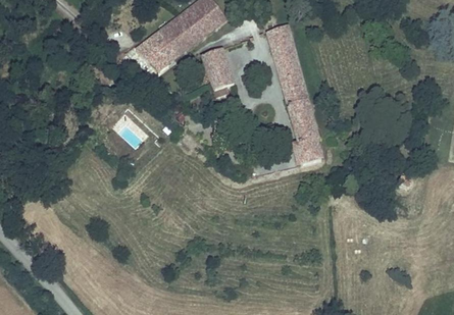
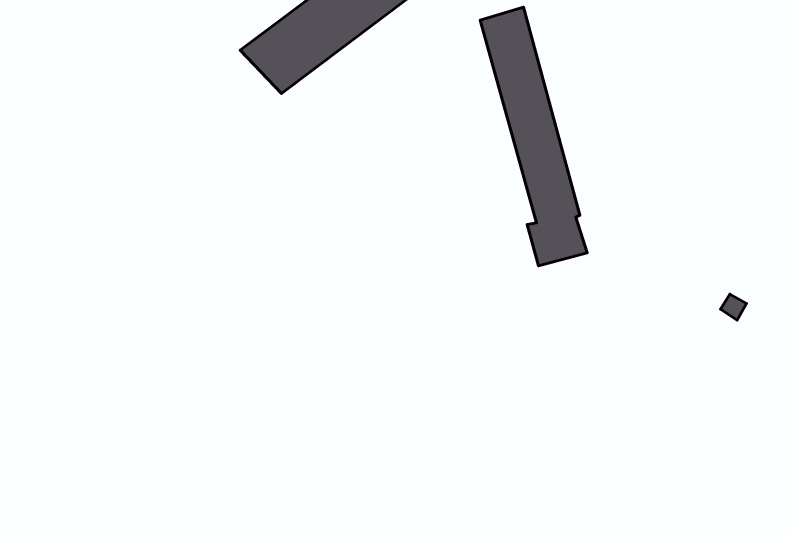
building: [202,49,235,98] -> none

